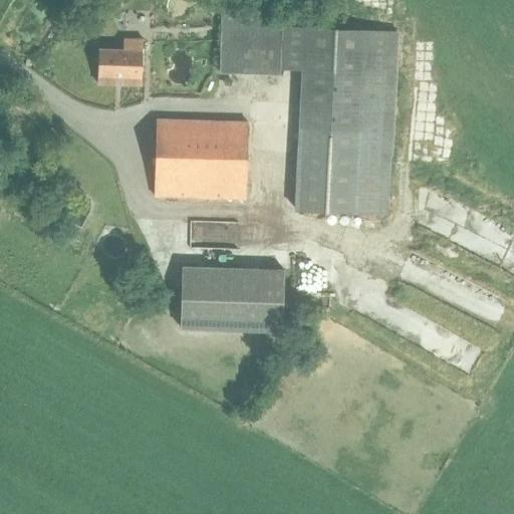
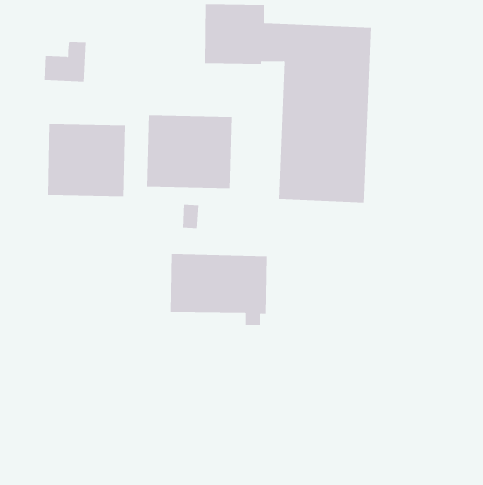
building: [98,35,144,78] -> [44,41,86,82]
building: none -> [48,123,125,197]

